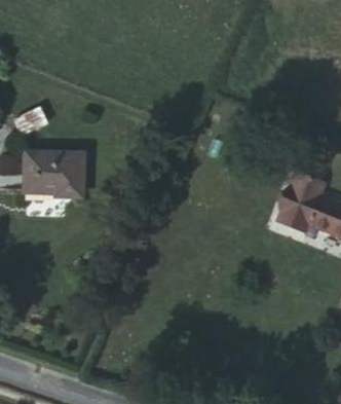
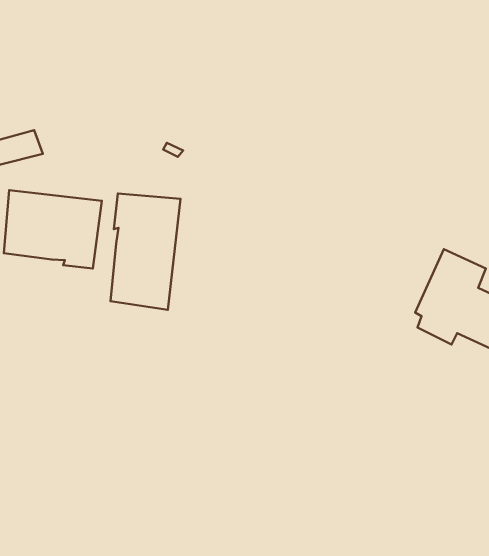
building: none -> [110,193,180,310]

